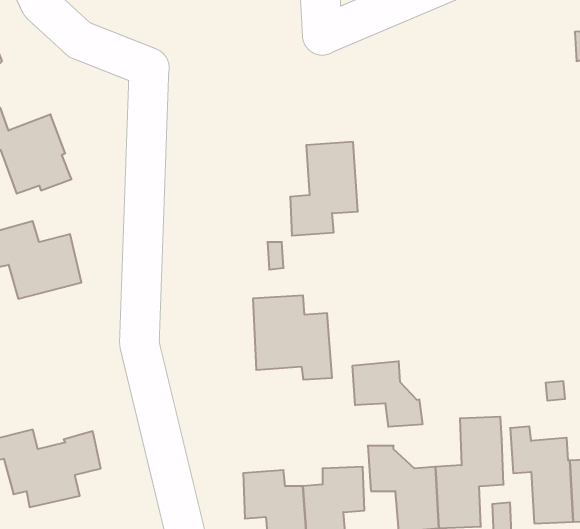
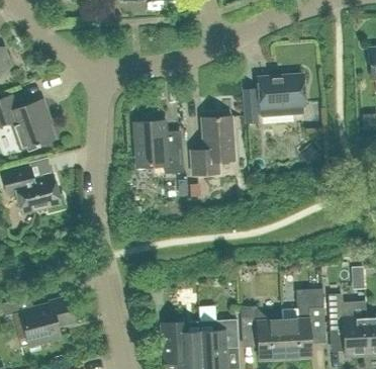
building: none -> [244,75,305,123]
building: [253,295,332,379] -> [134,120,184,173]
building: [353,361,422,427] -> none

